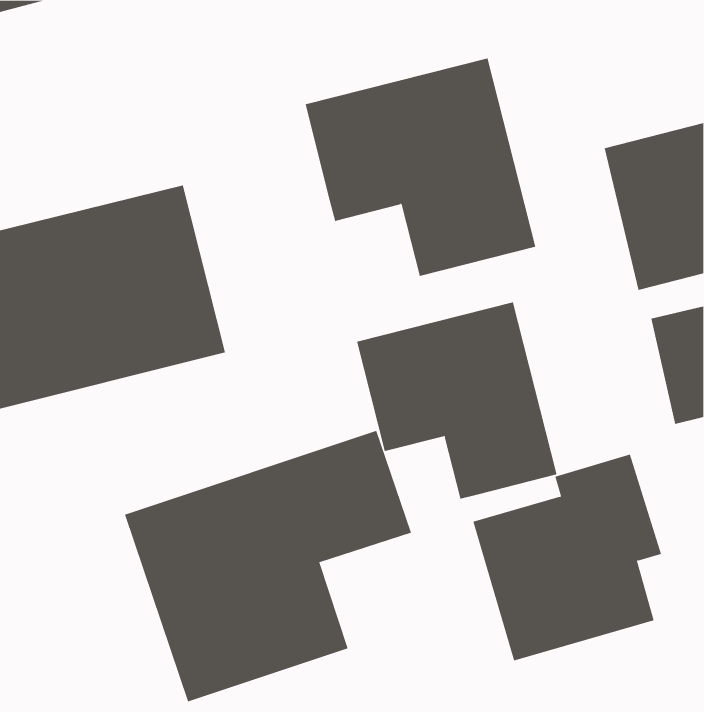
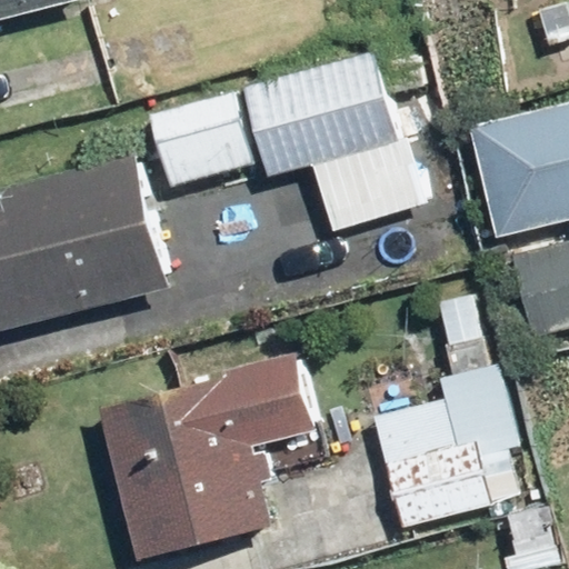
building: none -> [146,89,259,189]
building: [356,301,557,499] -> none

